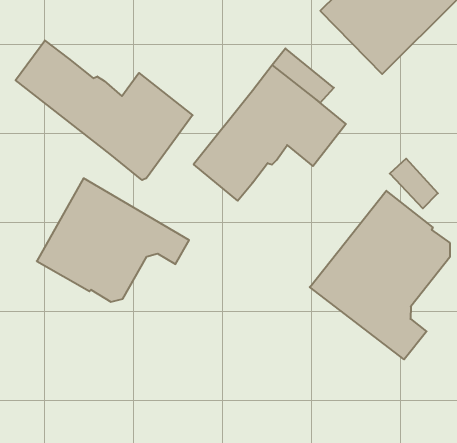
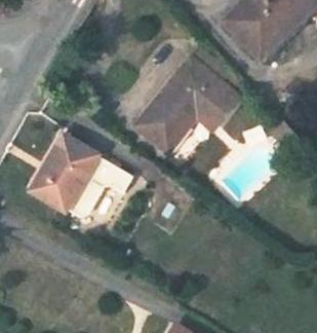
building: [16,40,193,180] -> none
building: [310,191,450,359] -> none

